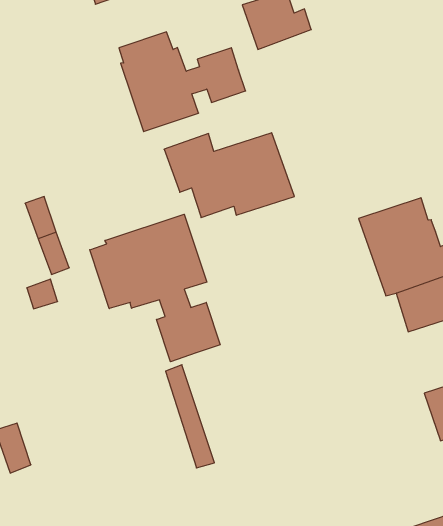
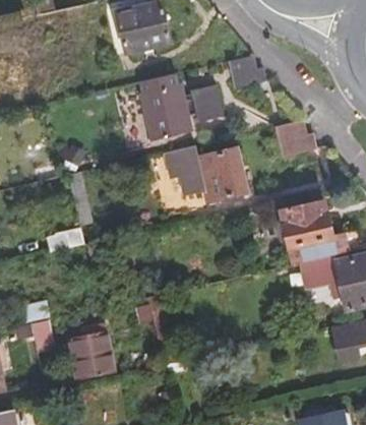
building: none -> [274,120,315,156]
building: [90,214,220,362] -> none
building: none -> [69,323,113,376]

